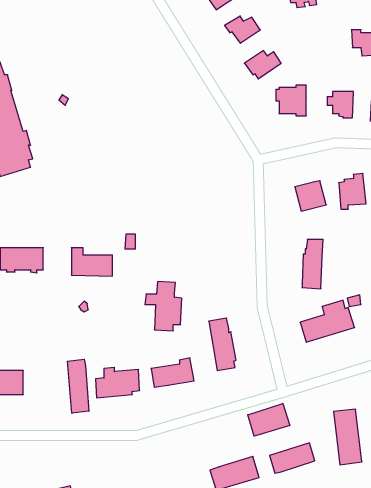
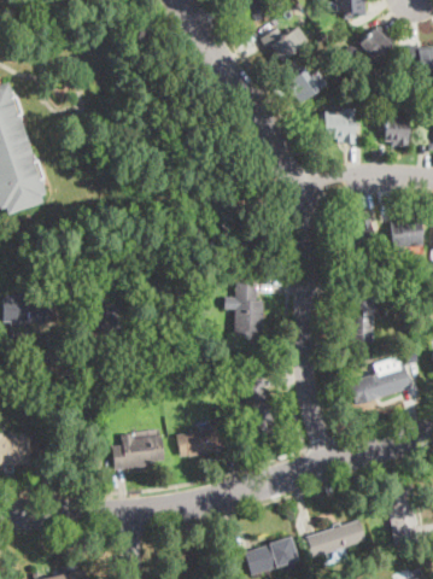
building: none -> [359,27,393,64]
building: [145,282,182,331] -> [222,283,264,340]
building: [67,359,89,413] -> none
building: [248,403,290,436] -> none

